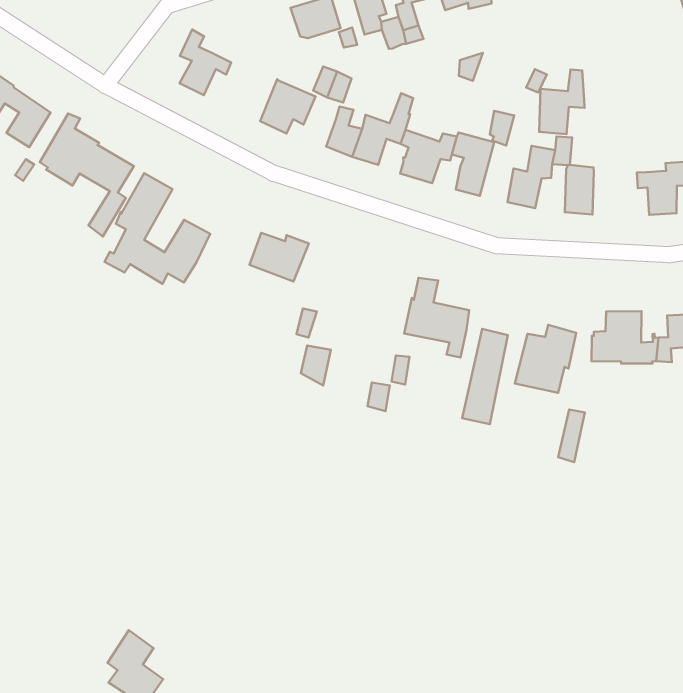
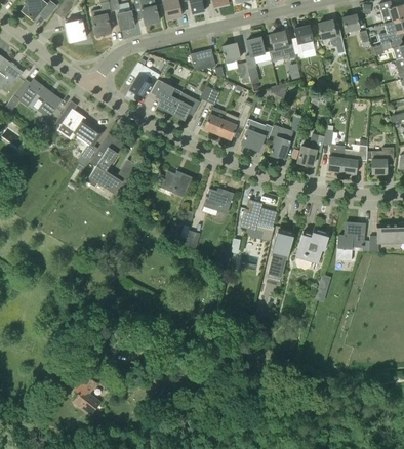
building: none -> [156,82,180,112]
building: [539,69,585,134] -> [341,139,366,173]
building: none -> [203,188,234,213]

